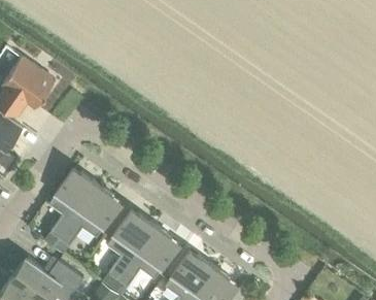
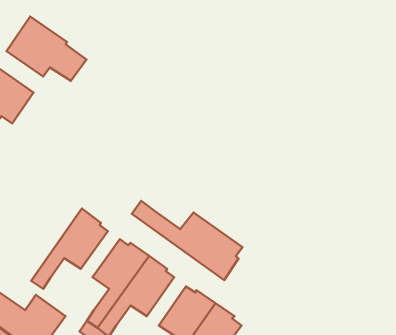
building: none -> [6,16,86,81]
building: [44,169,98,246] -> none
building: none -> [132,201,242,280]

